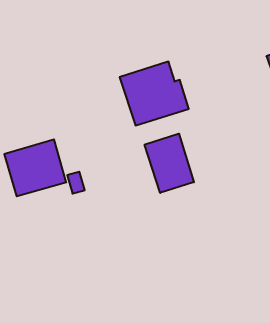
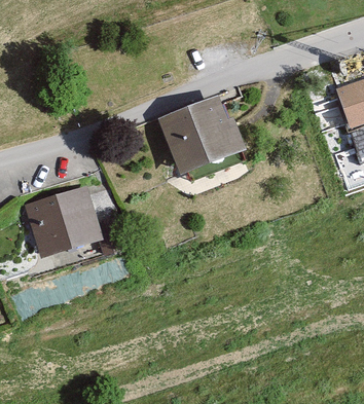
building: [145,134,194,193] -> none

